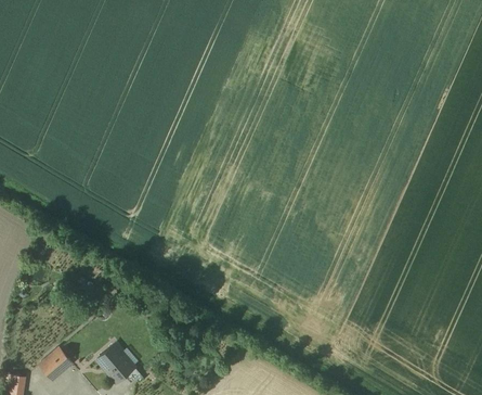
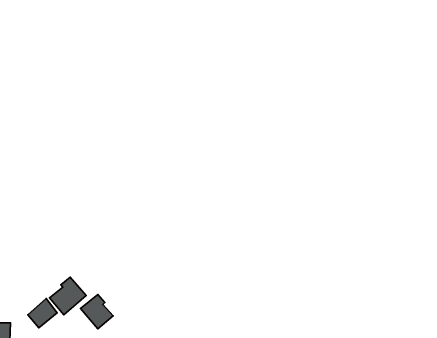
building: none -> [50,277,86,315]

